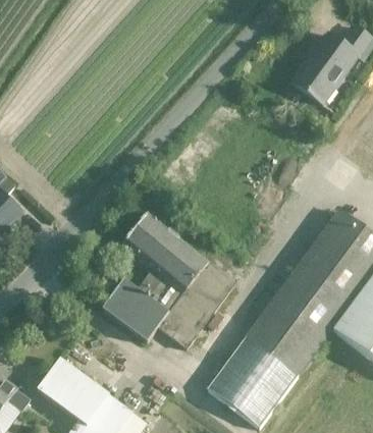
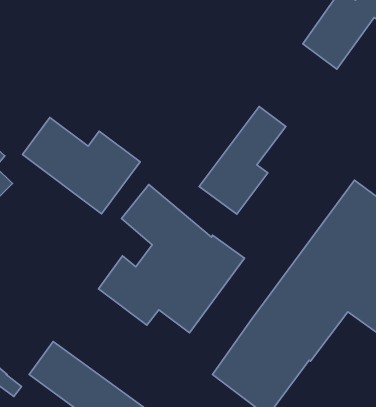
building: none -> [199,107,286,214]
building: none -> [22,118,140,214]

